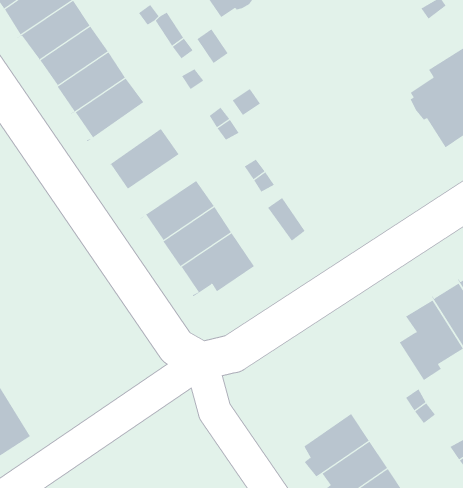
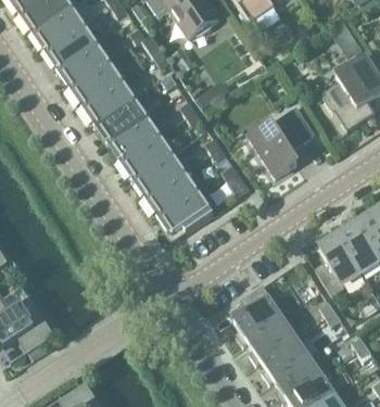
building: none -> [96,98,148,144]
building: none -> [250,105,316,177]
building: none -> [121,135,173,180]
building: none -> [235,284,282,345]

